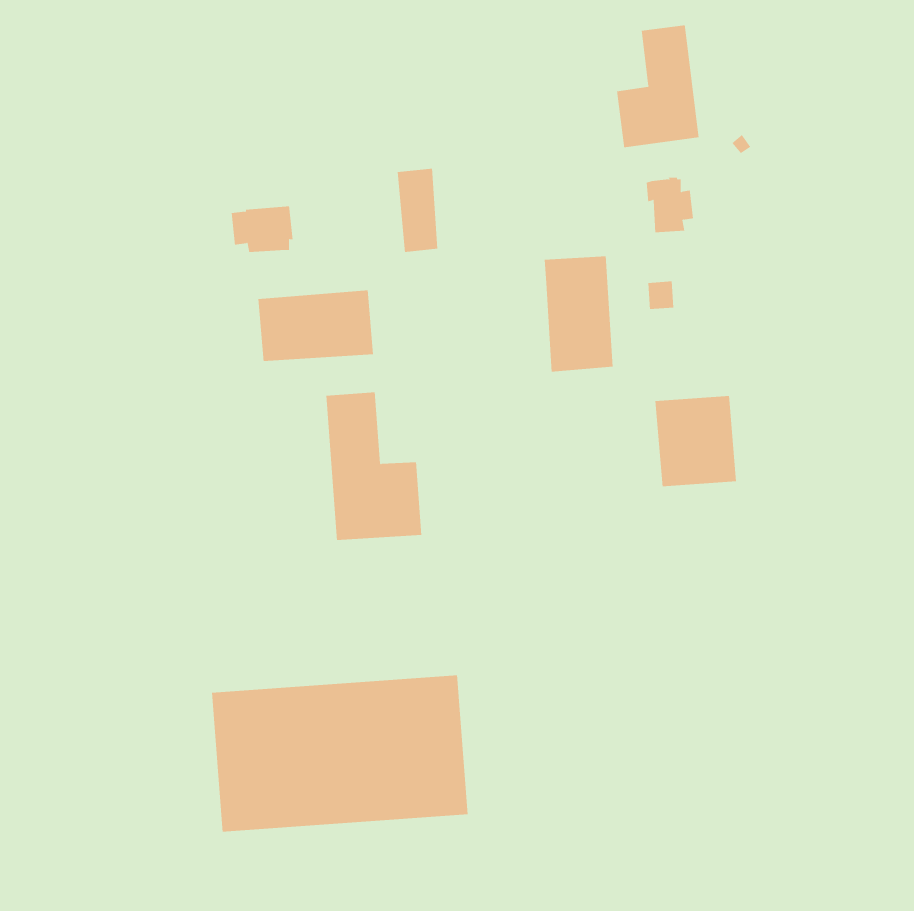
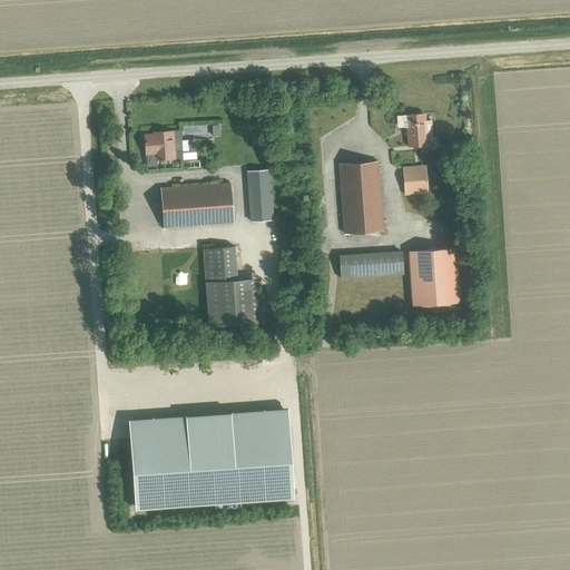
building: [617,25,699,148] -> none
building: [397,168,438,252] -> [246,167,272,219]
building: none -> [338,249,403,276]

